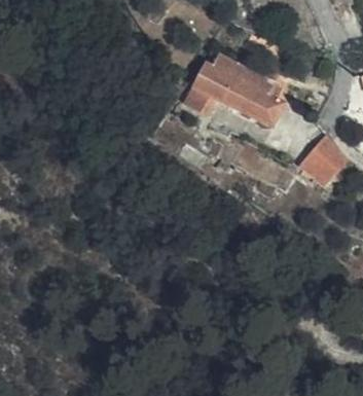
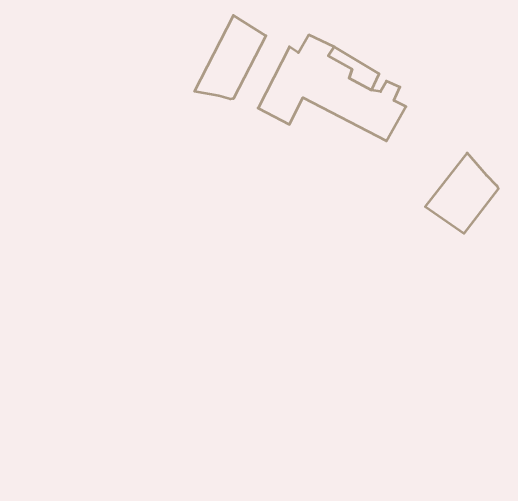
building: none -> [195,15,266,99]

